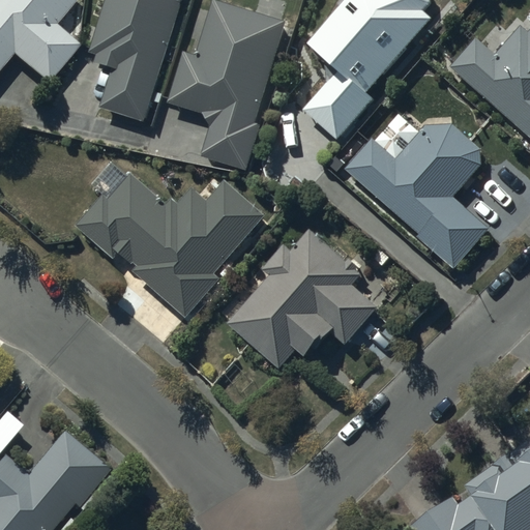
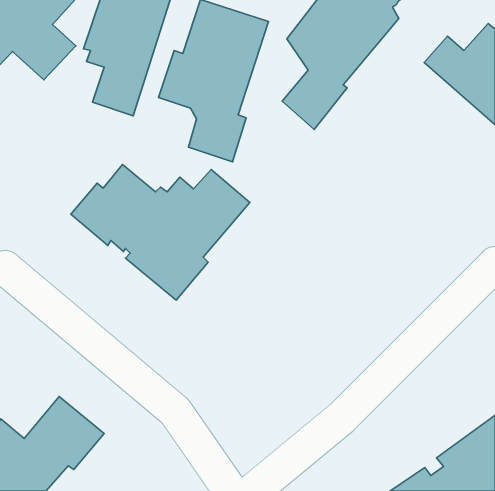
building: [343,116,491,270] -> none
building: [229,230,380,370] -> none

